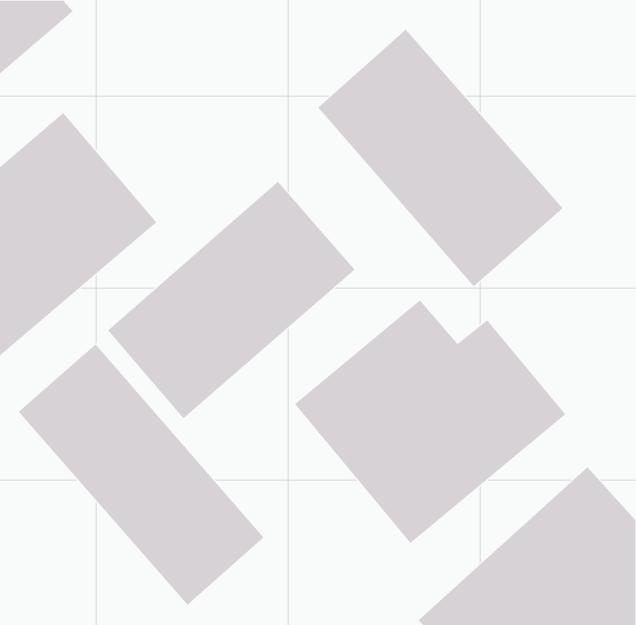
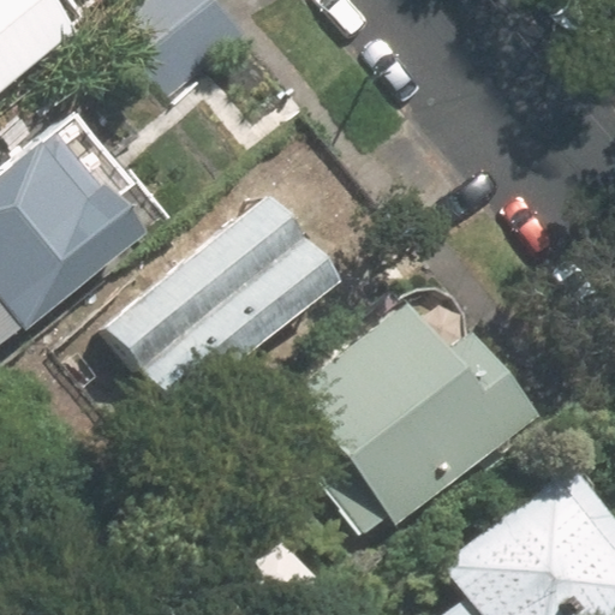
building: [317,29,564,287] -> none
building: [18,344,264,605] -> none

